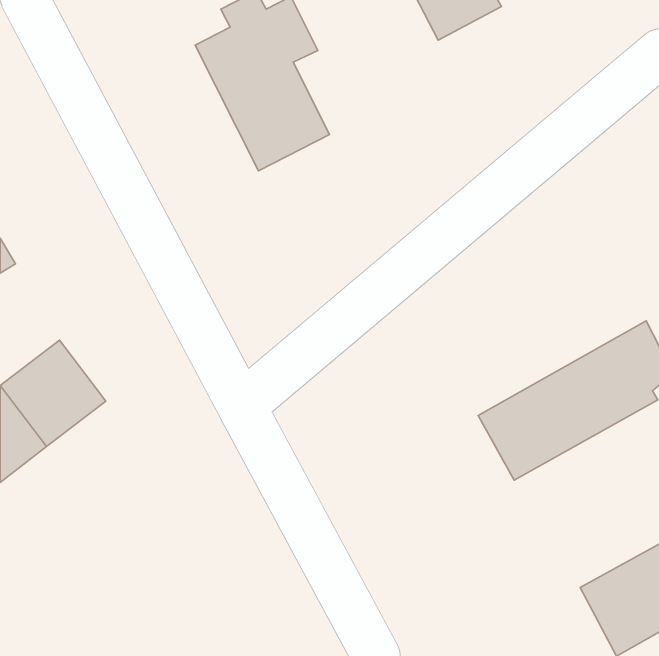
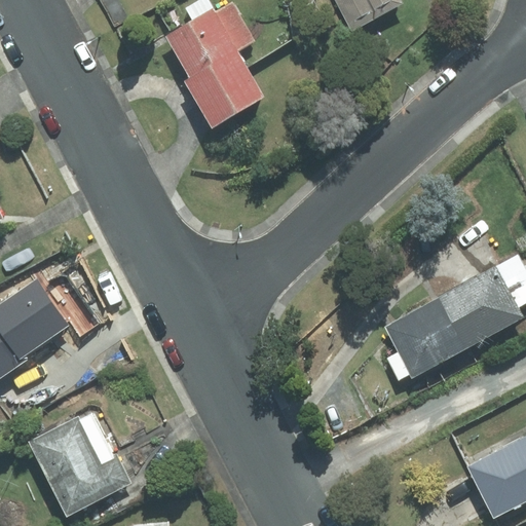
building: none -> [38,399,139,505]

